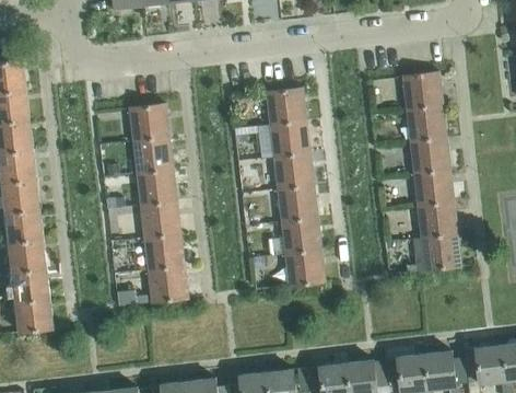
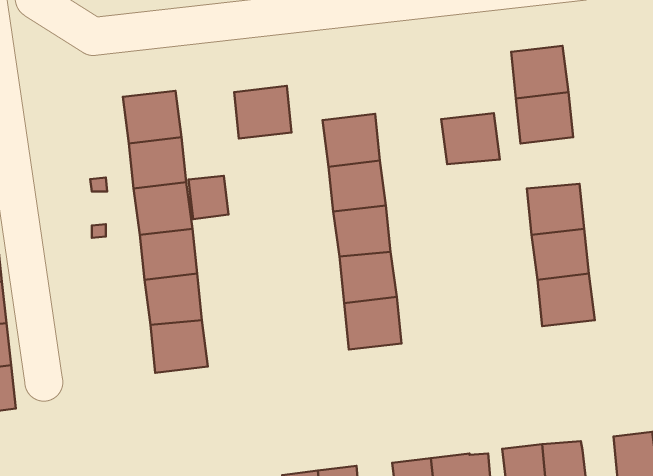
building: [266,88,306,125] -> [234,86,291,139]
building: [409,137,450,173] -> [441,113,500,164]
building: none -> [189,176,228,219]

